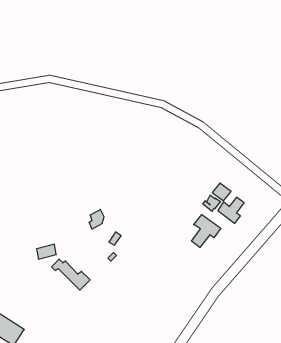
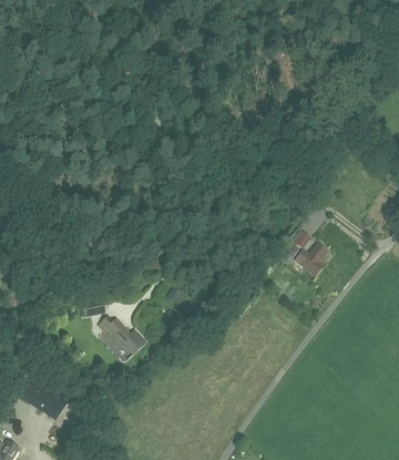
building: [192,215,221,247] -> none

